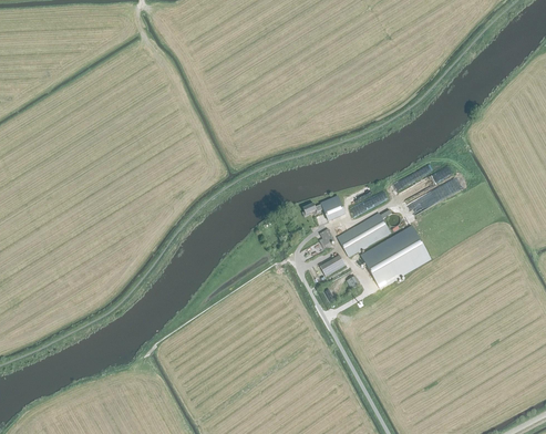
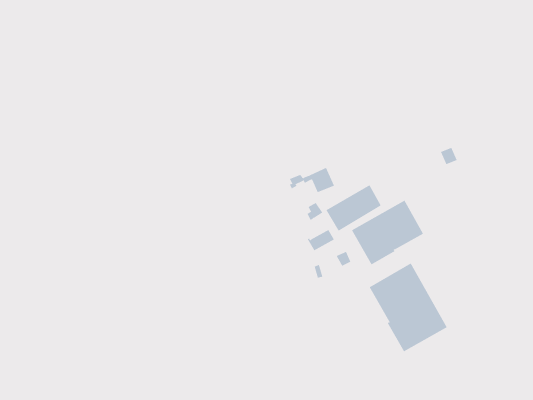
building: none -> [369,262,448,352]

